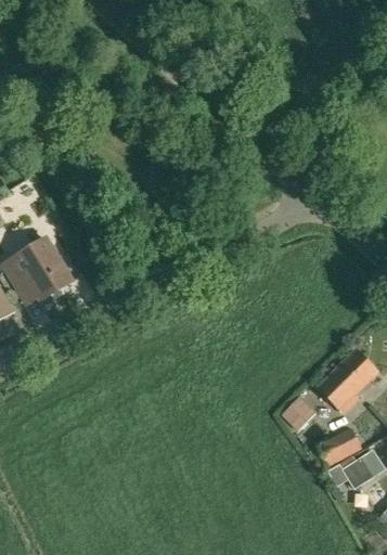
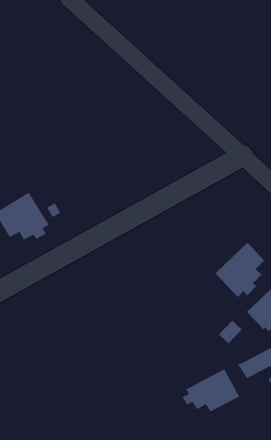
building: none -> [215,242,265,298]
building: none -> [181,368,240,412]

